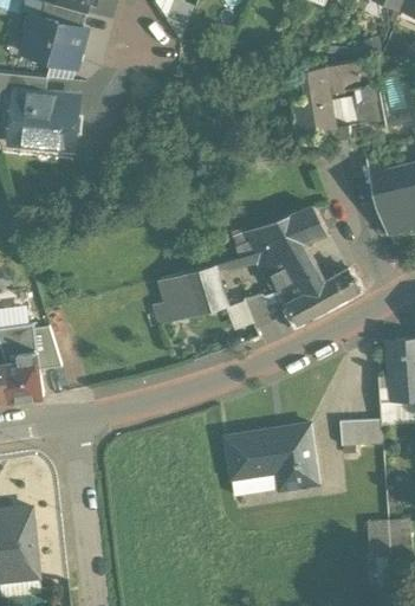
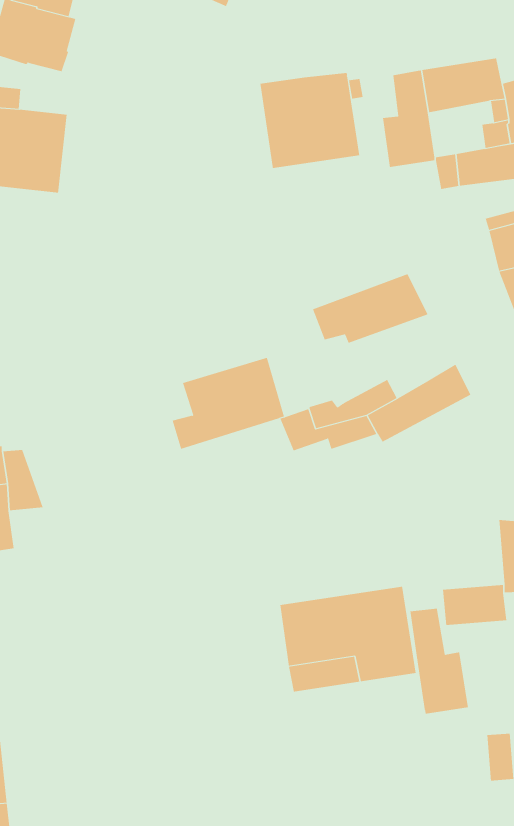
building: none -> [260,72,360,169]
building: [262,246,326,295] -> none
building: none -> [410,608,469,715]

